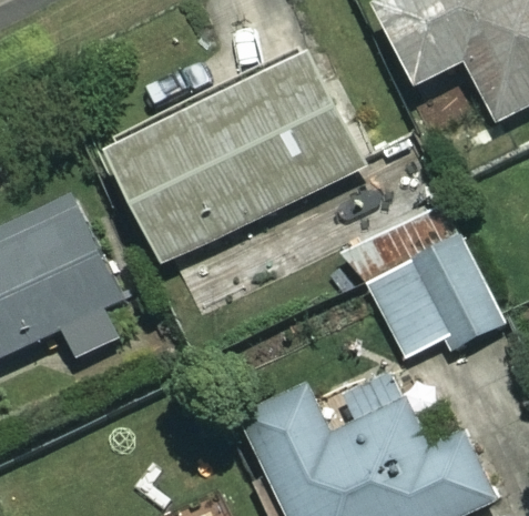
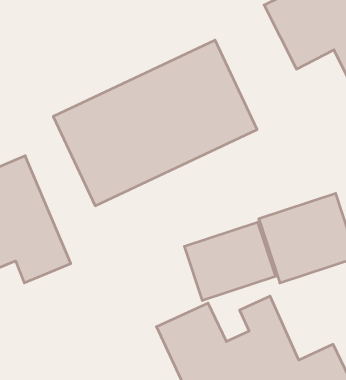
building: none -> [184,222,276,301]

